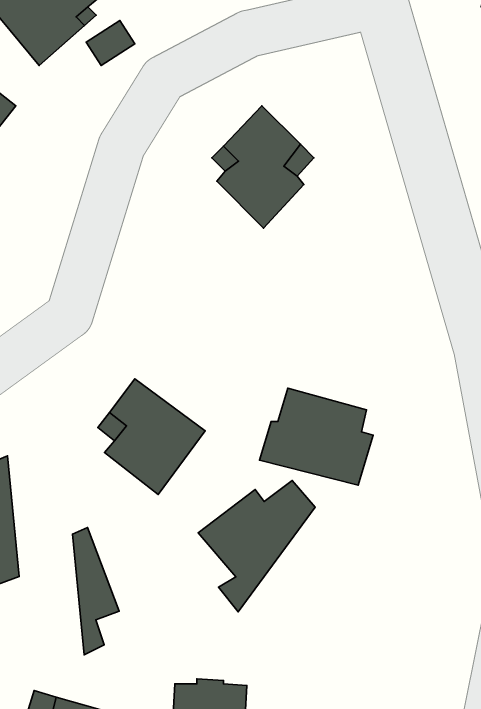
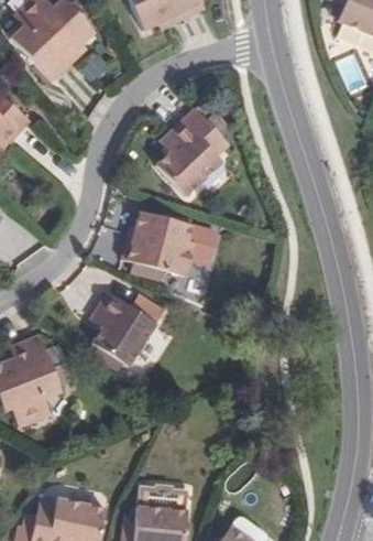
building: [259,388,373,485] -> [123,213,198,277]
building: [198,481,315,612] -> none
building: [72,528,119,655] -> [29,334,59,418]

